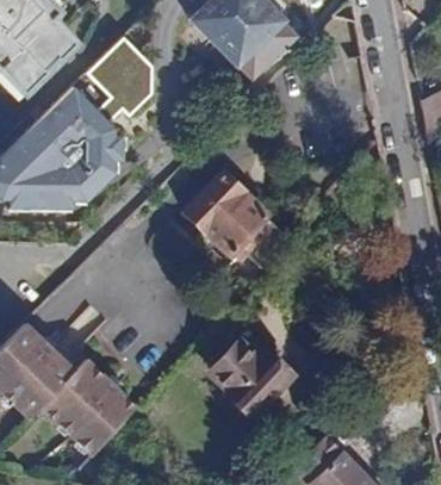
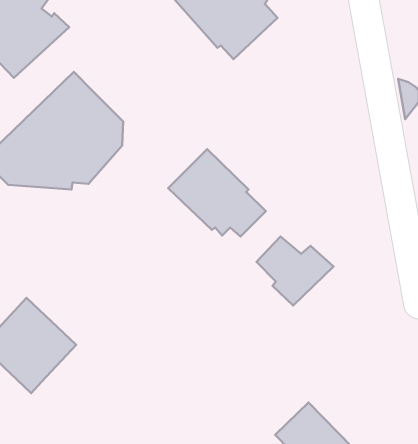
building: [92,38,154,119] -> none
building: [206,338,286,410] -> [256,236,334,306]
building: [45,359,143,456] -> none

